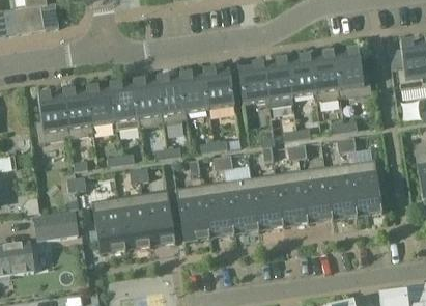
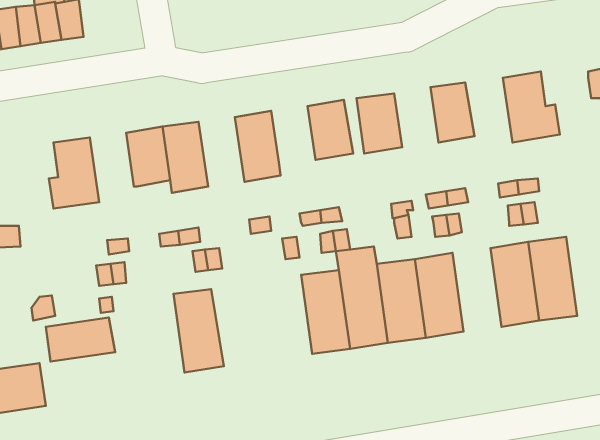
building: [310,54,340,100] -> none
building: [262,60,292,107] -> none
building: [181,73,210,111] -> none
building: [134,80,164,126] -> none
building: [62,90,94,136] -> none
building: [301,166,333,221] -> none
building: [176,184,208,240] -> none
building: [142,189,175,244] -> none
building: [91,196,124,252] -> none

